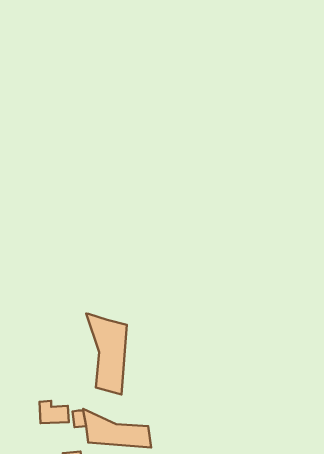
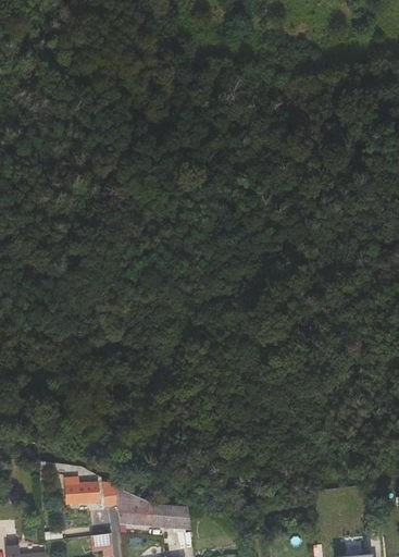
building: [86,313,127,395] -> none

